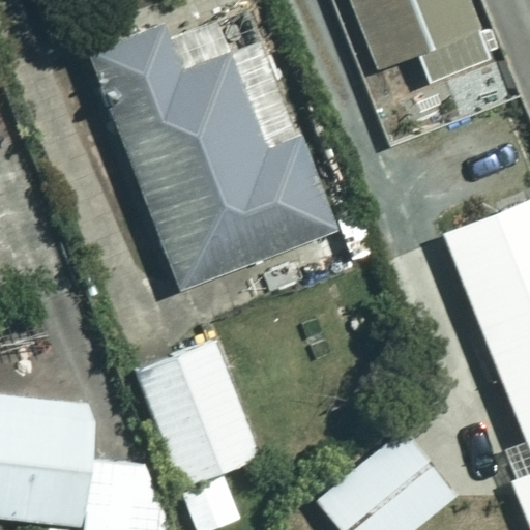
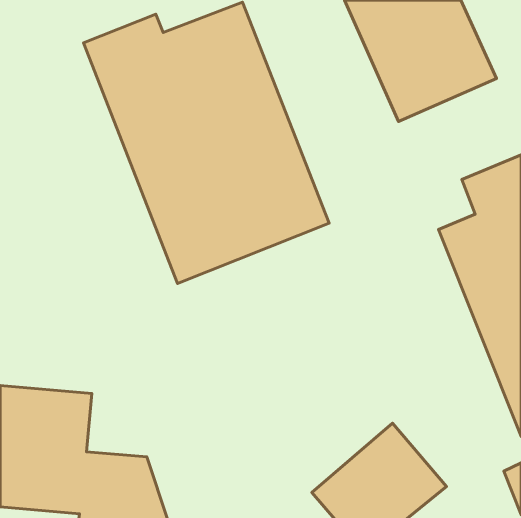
building: [137,342,260,489] -> none

